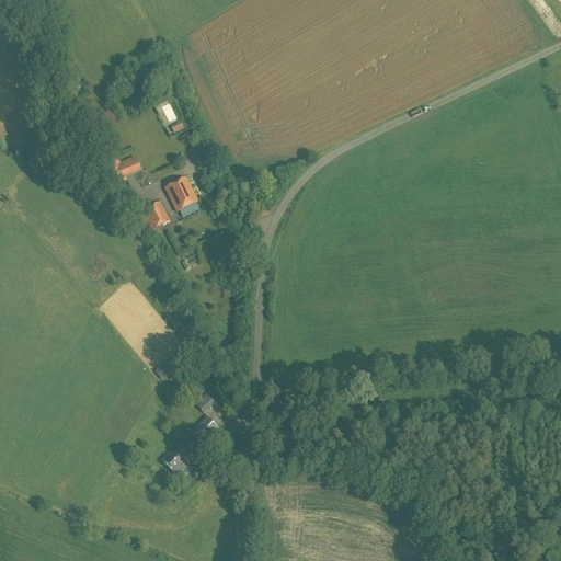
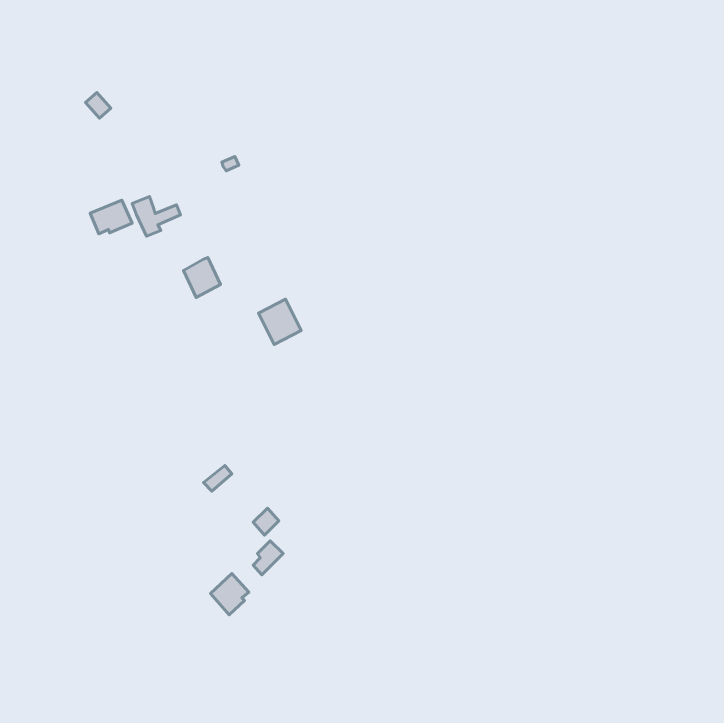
building: none -> [90,200,132,234]
building: [167,175,199,210] -> [258,299,301,345]

